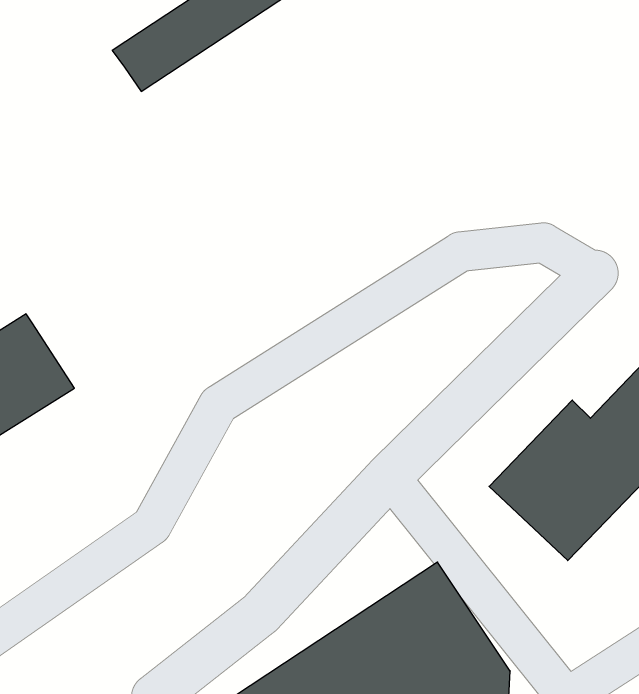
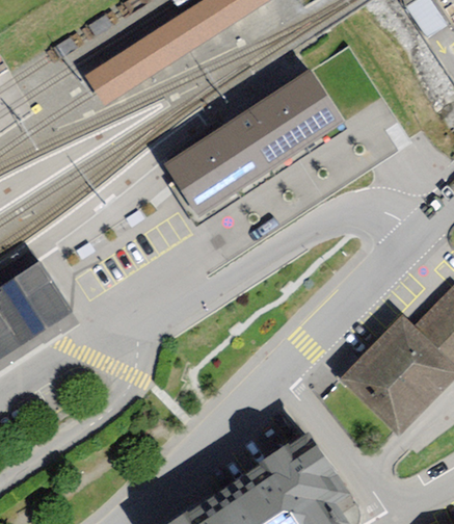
building: none -> [162,70,343,217]

